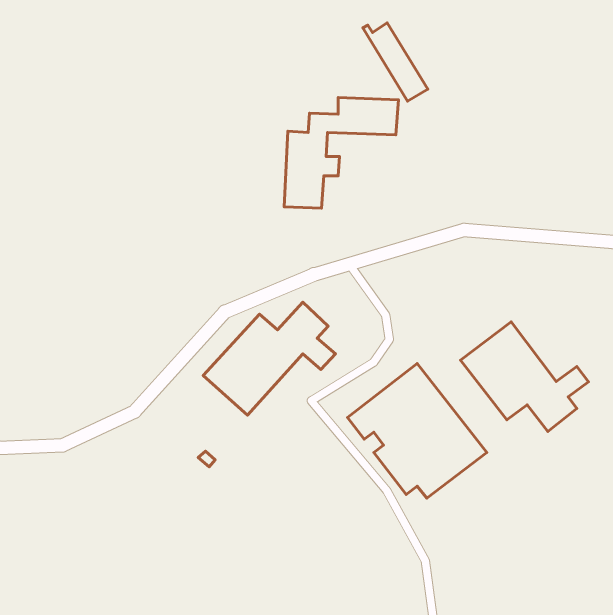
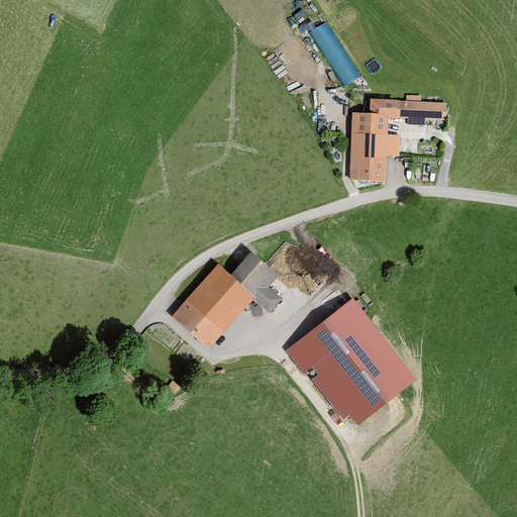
building: [284,97,398,208] -> [349,88,445,181]
building: [461,322,589,432] -> none

